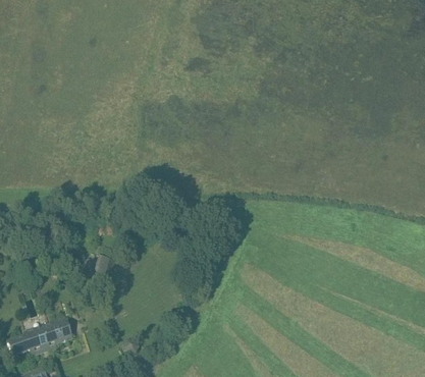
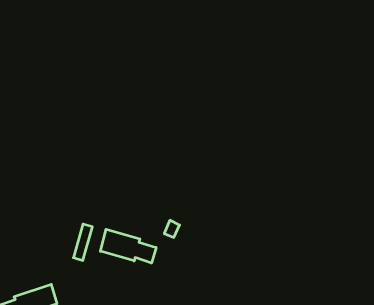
building: none -> [100,229,156,263]

